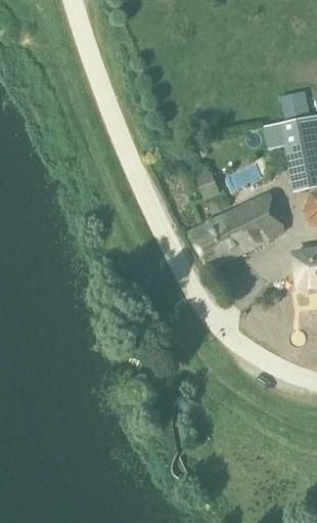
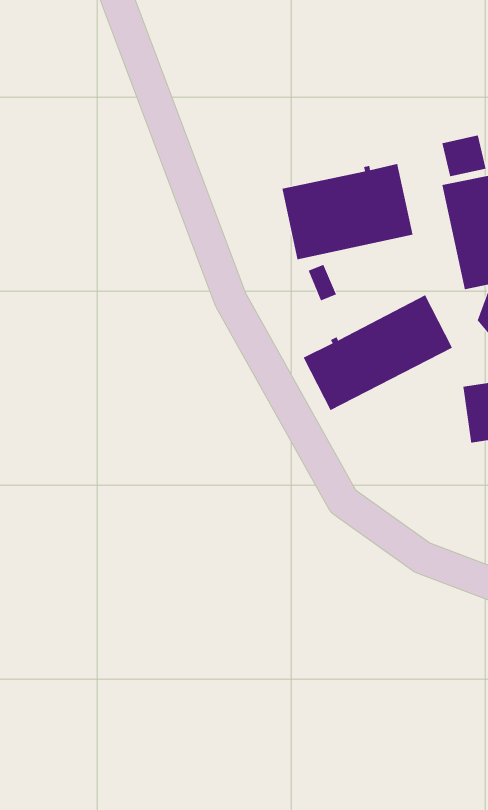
building: none -> [282,163,413,260]

